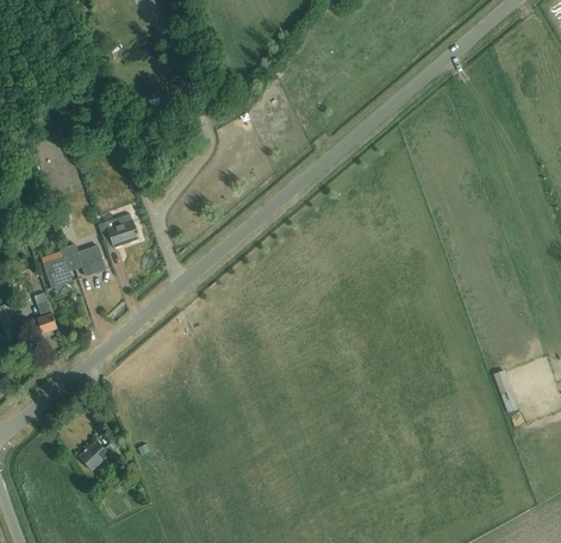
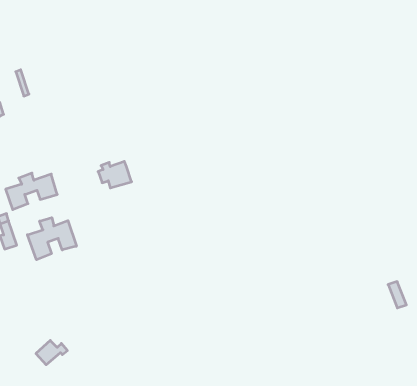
building: [98,213,137,244] -> [98,161,132,188]
building: none -> [27,218,76,260]

